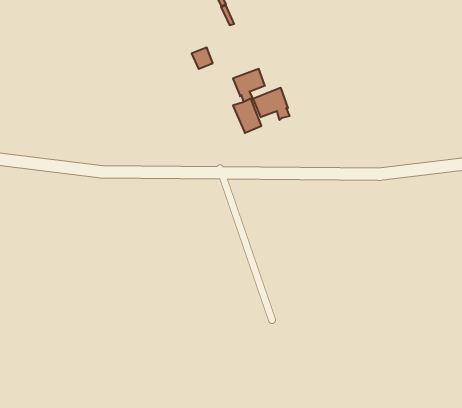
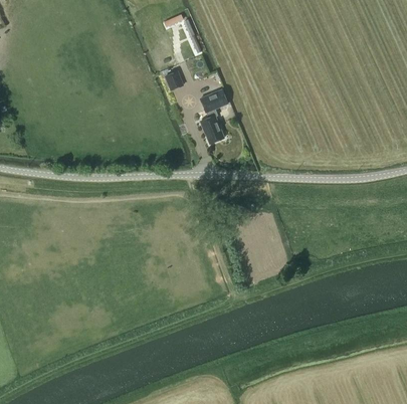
building: [253,88,290,120] -> none

